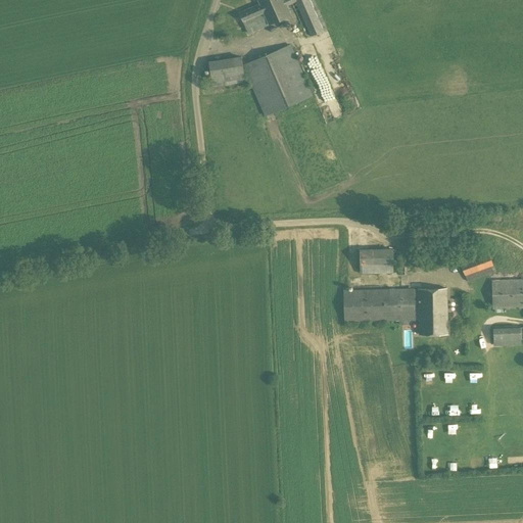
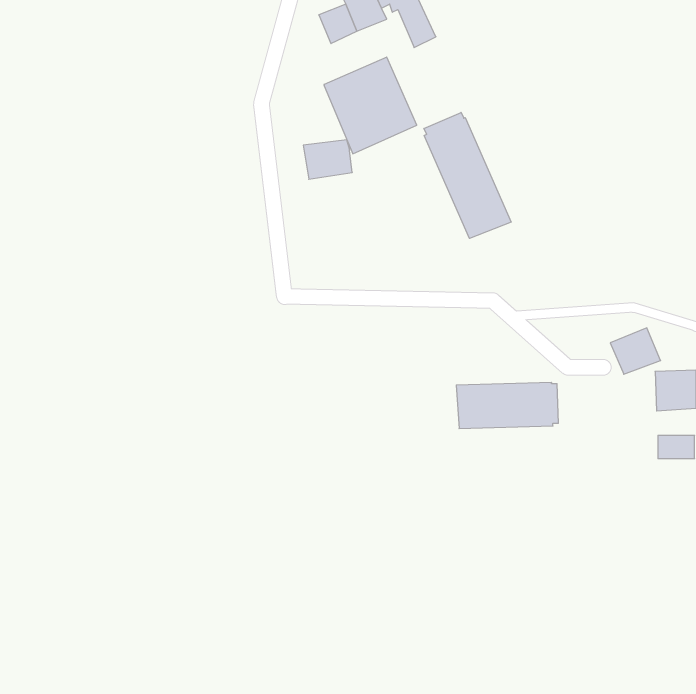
building: [208,56,245,86] -> [303,140,352,179]
building: none -> [424,112,511,238]
building: [360,247,393,273] -> none
building: [418,287,447,333] -> none

